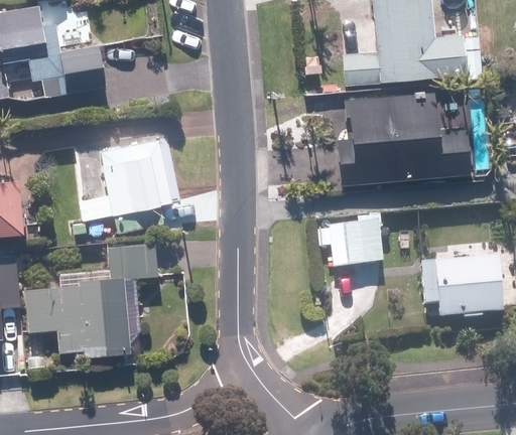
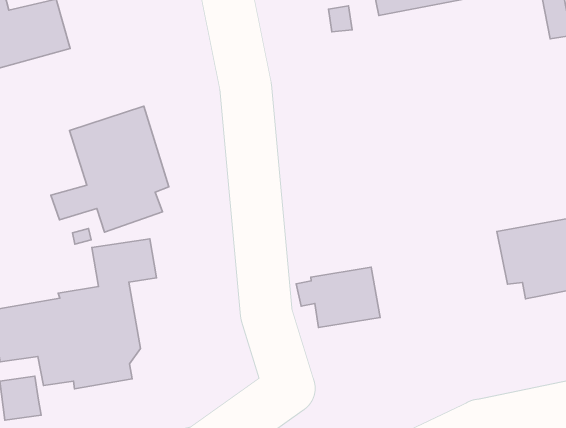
building: [337,97,468,184] -> none
building: [321,224,385,267] -> [296,267,380,328]

